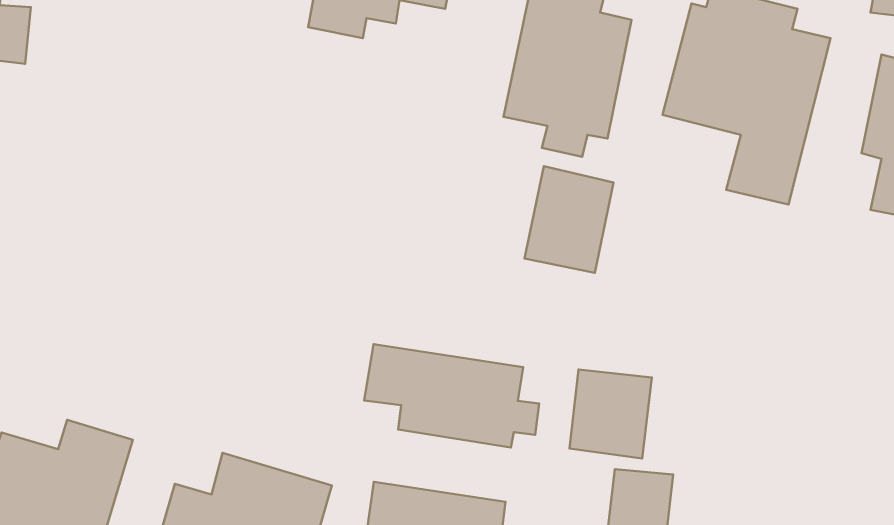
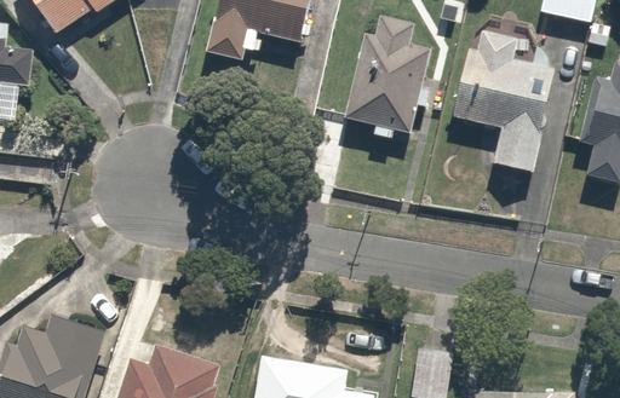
building: [524,166,614,273] -> none
building: [364,344,539,448] -> none
building: [569,369,652,458] -> none

